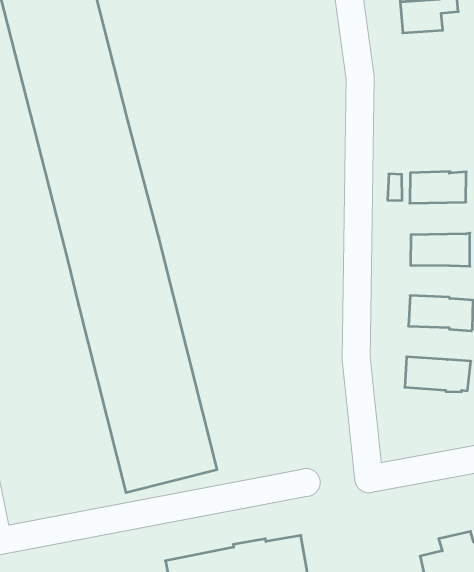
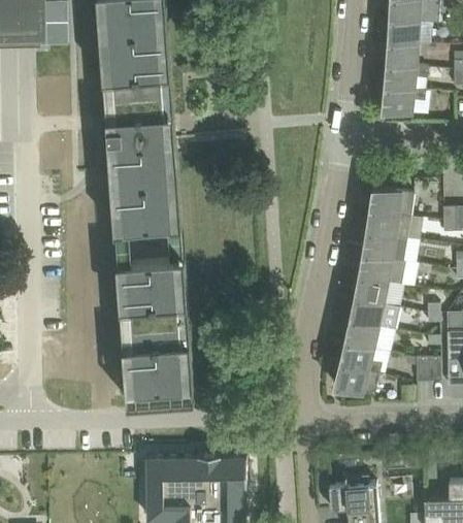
building: none -> [369,188,412,217]
building: none -> [362,232,405,261]
building: none -> [354,276,386,304]
building: none -> [343,320,377,349]
building: none -> [333,363,378,396]

